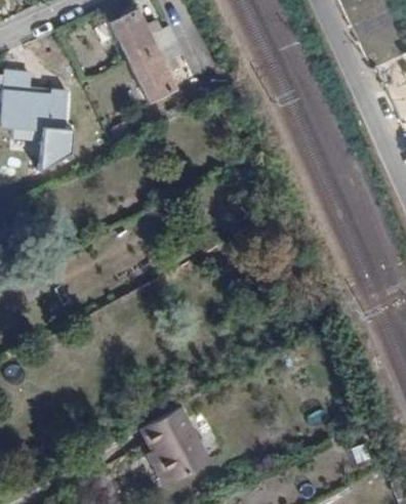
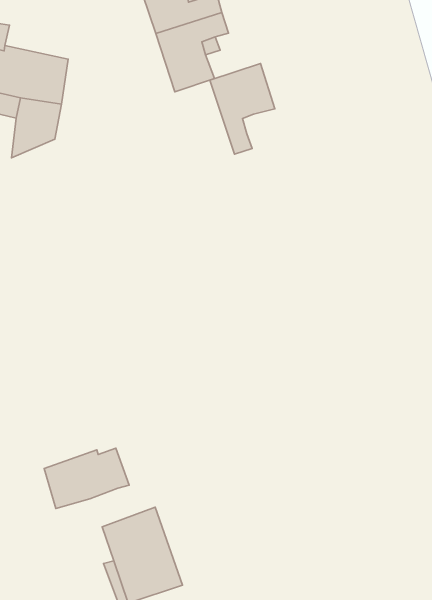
building: none -> [210,64,275,154]
building: none -> [44,448,129,508]

